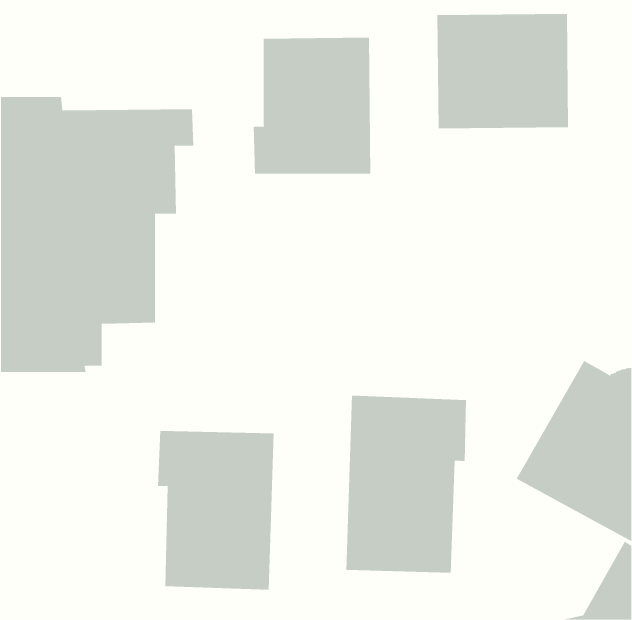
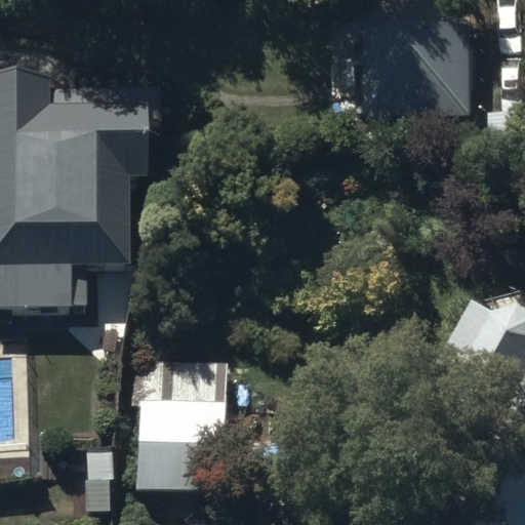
building: [253,37,371,174] -> none
building: [346,395,466,573] -> none

